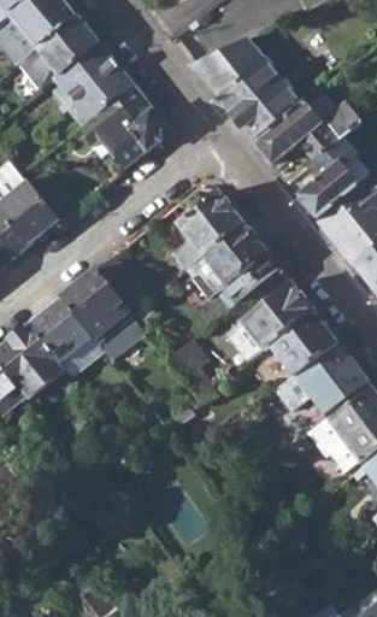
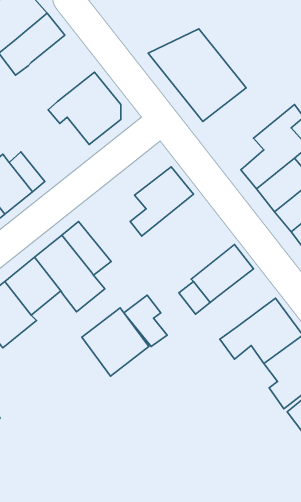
building: [54,41,130,117] -> none
building: [254,87,359,161] -> none
building: [185,223,278,304] -> none
building: [269,308,337,375] -> none
building: none -> [82,308,149,376]

